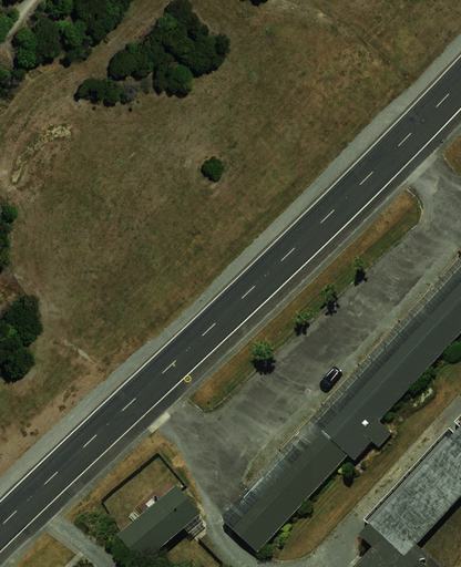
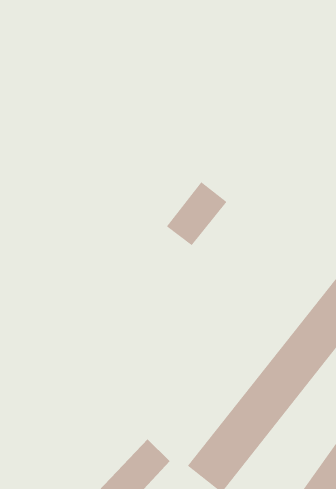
building: none -> [166,181,227,246]

